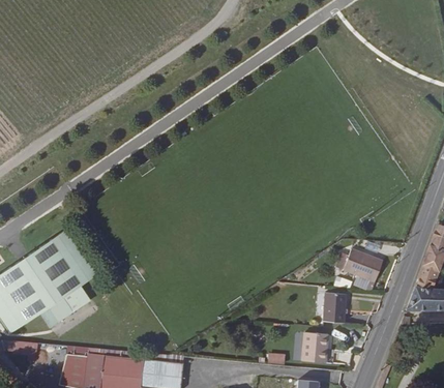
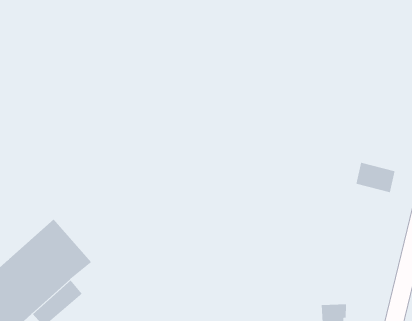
building: [347,251,385,283] -> [355,162,396,193]
building: [326,294,349,324] -> none

